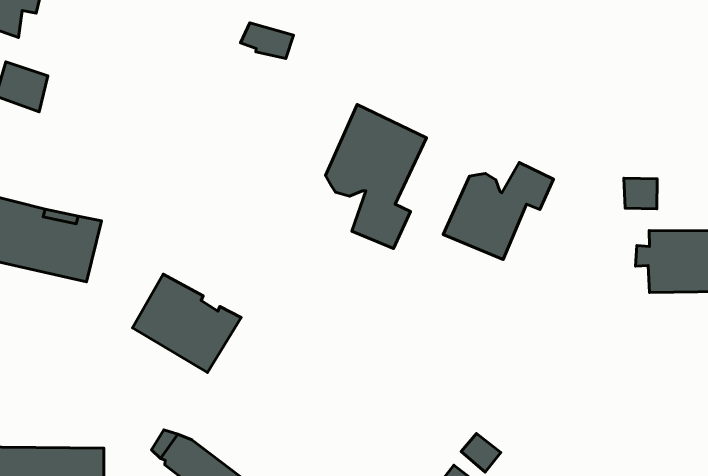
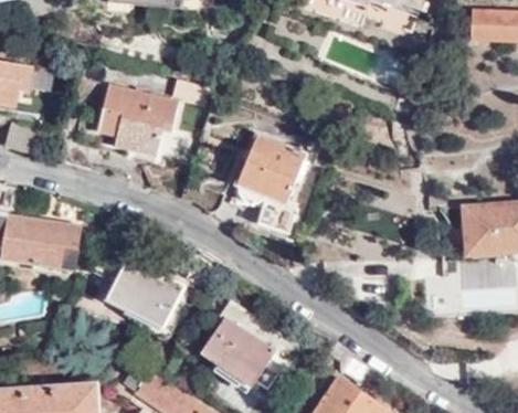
building: none -> [96,84,176,153]
building: [443,162,553,260] -> none
building: none -> [201,301,273,384]

